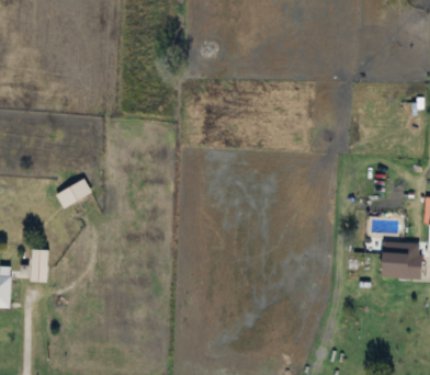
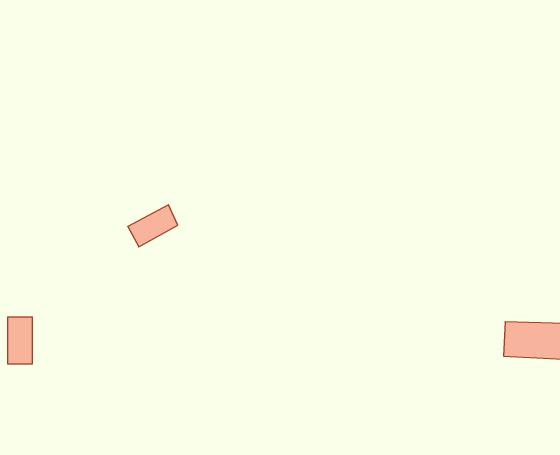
building: [56,178,91,207] -> [128,205,178,247]

